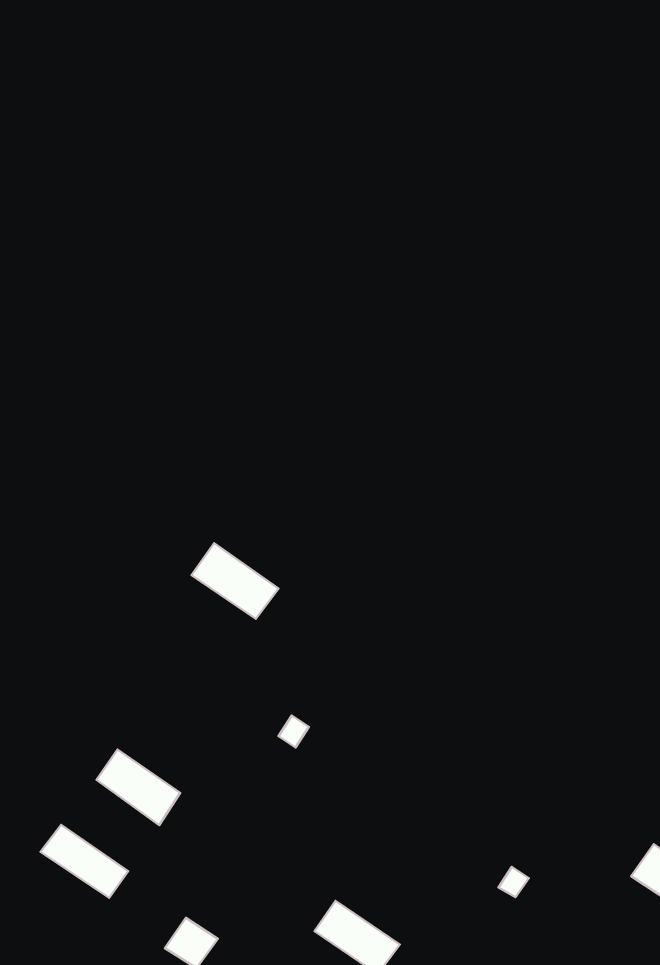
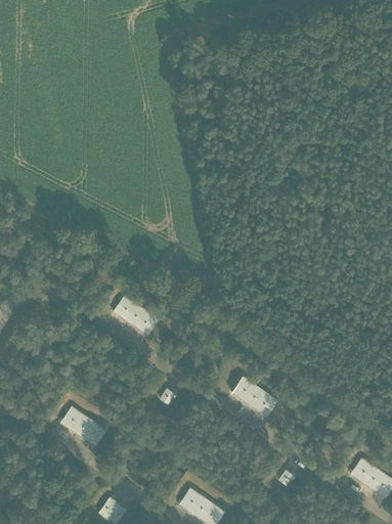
building: none -> [230,377,277,418]
building: [41,825,128,898] -> none

